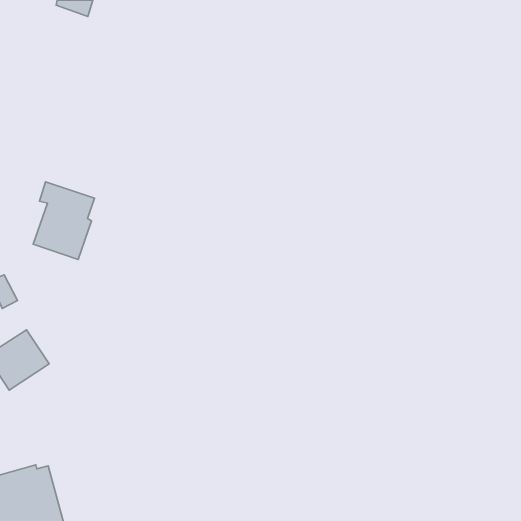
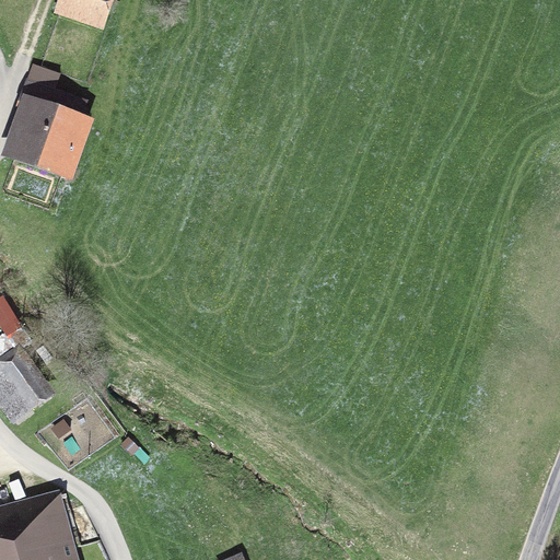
building: [33,182,95,259] -> [14,86,80,170]

